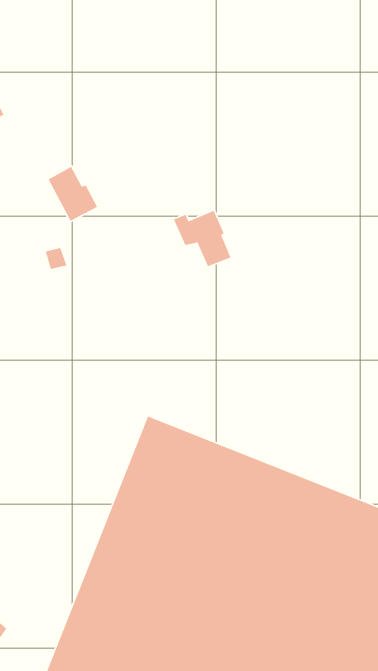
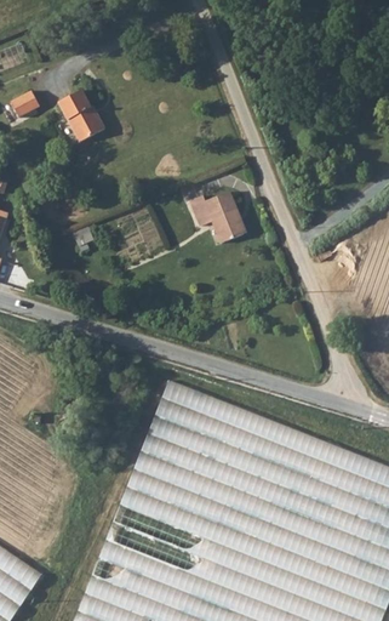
building: [47,166,98,222] -> [59,93,105,144]

